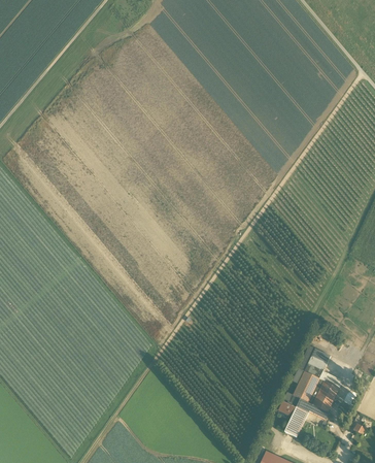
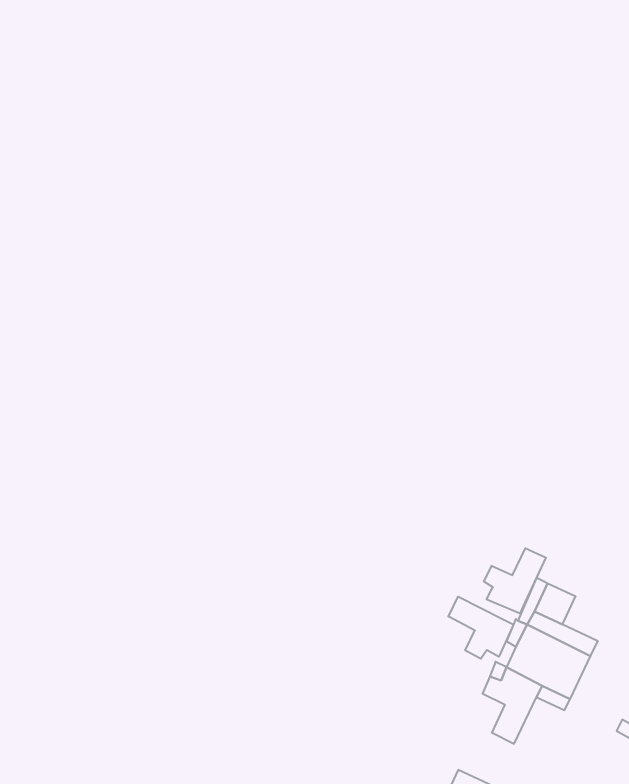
building: none -> [484,548,546,613]
building: none -> [448,597,514,659]

